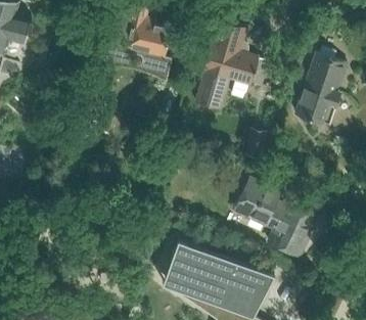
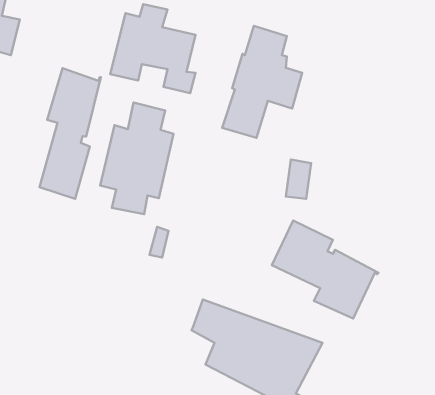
building: [294,52,349,126] -> none
building: none -> [40,68,101,199]
building: none -> [100,103,174,214]

